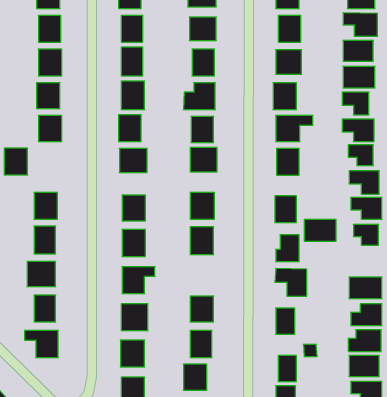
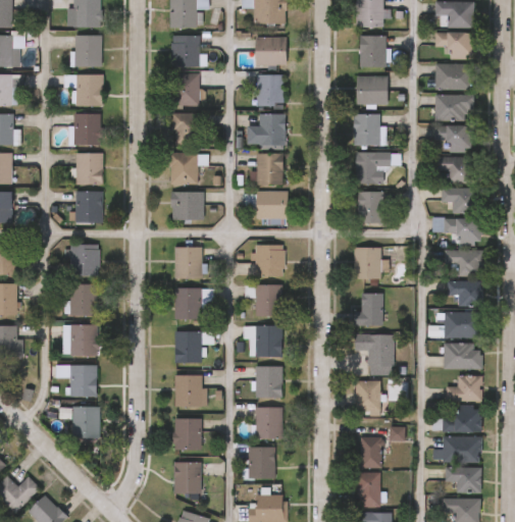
building: [4,148,28,175] -> [75,192,103,223]
building: [304,219,336,241] -> [444,312,481,337]
building: none -> [244,325,282,357]

